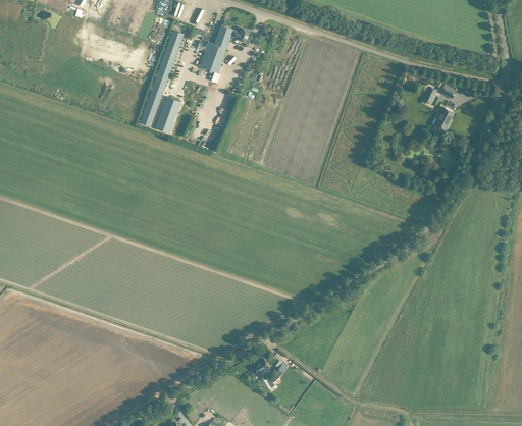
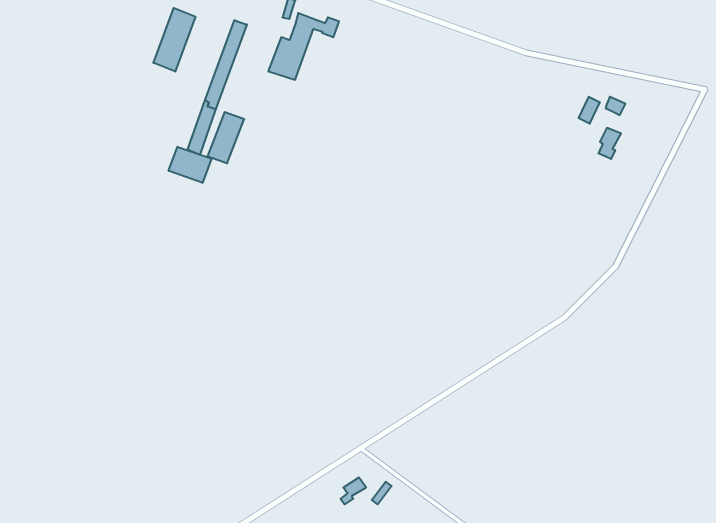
building: none -> [153,8,195,72]
building: none -> [169,147,211,183]

